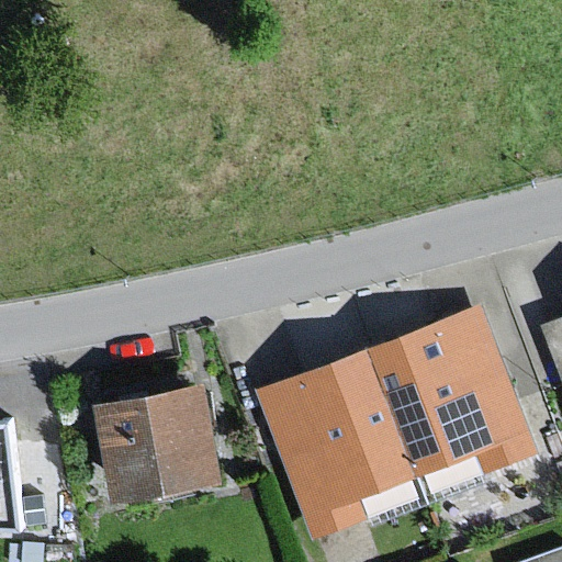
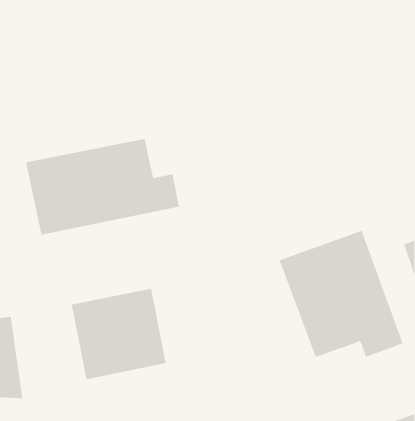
building: none -> [26,138,179,236]
building: [254,347,419,542] -> none

